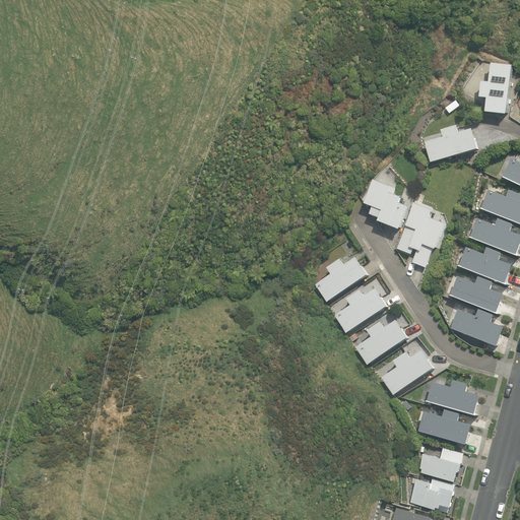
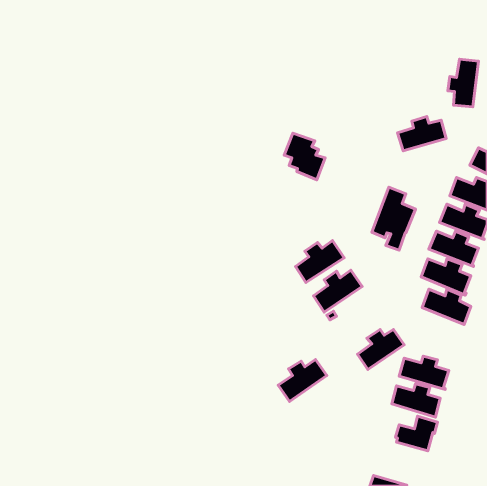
building: [363,179,406,229] -> [284,133,325,180]
building: [354,319,406,364] -> [278,359,327,401]
building: [411,475,457,510] -> none

